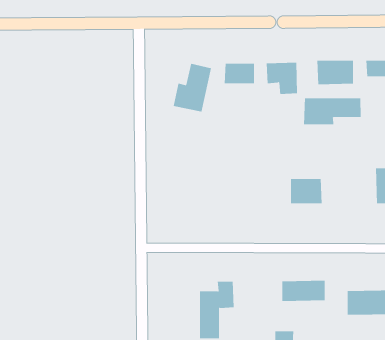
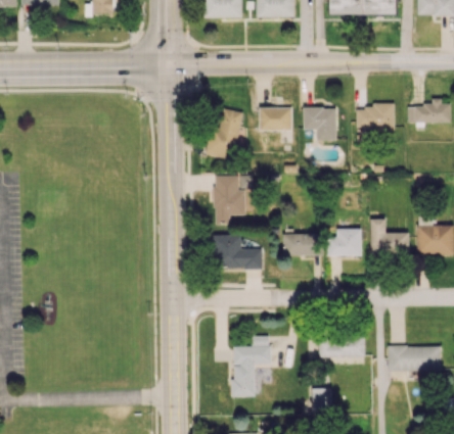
building: [304,98,361,125] -> none
building: none -> [215,175,245,224]
building: none -> [370,219,409,254]
building: none -> [283,234,315,255]
building: none -> [215,235,263,268]

